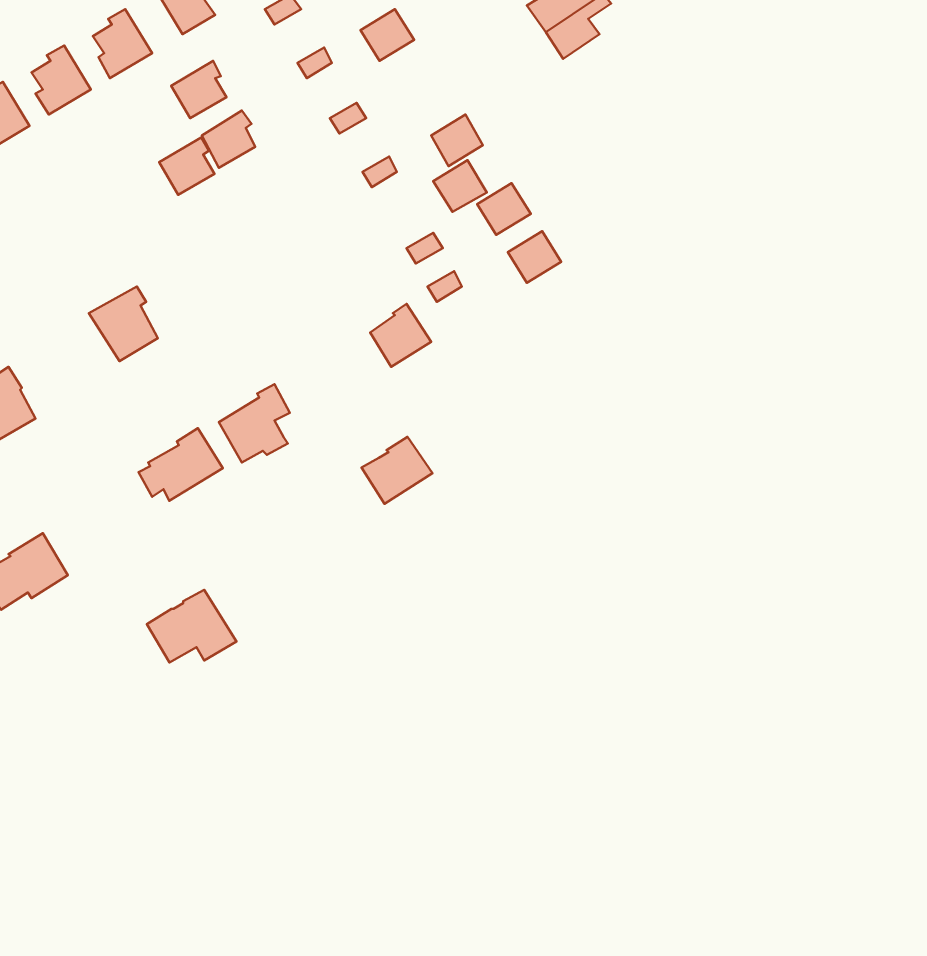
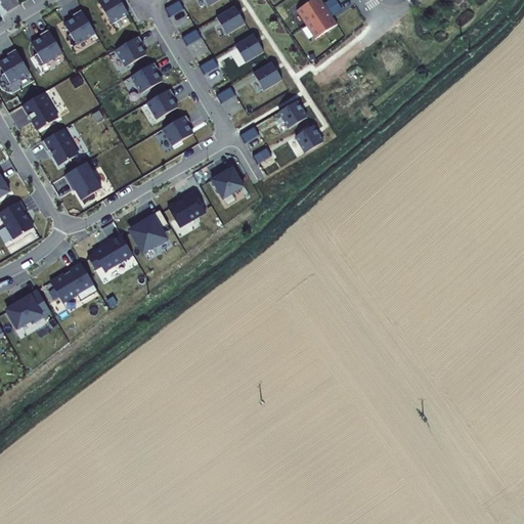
building: [159,137,214,195] -> [139,90,169,121]
building: [433,160,487,212] -> [227,37,256,64]
building: none -> [25,92,60,130]
building: none -> [155,117,184,147]
building: none -> [43,127,83,166]
building: [362,437,432,504] -> [170,192,208,228]
building: [147,590,237,662] -> [52,264,100,303]

